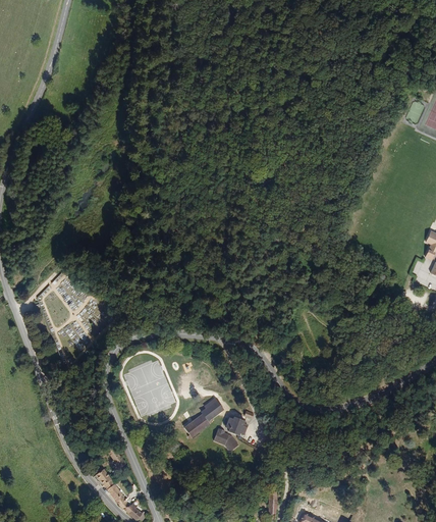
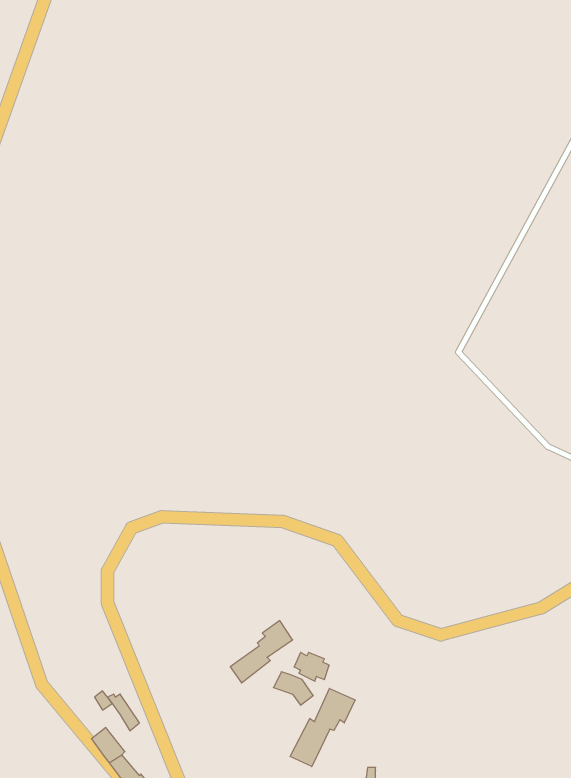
building: none -> [290,688,355,767]

